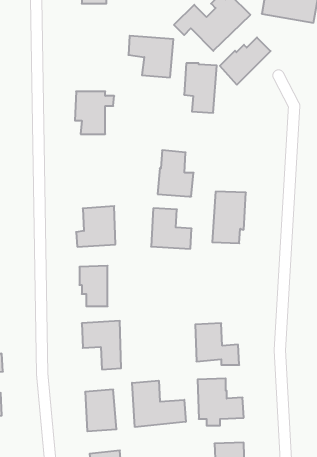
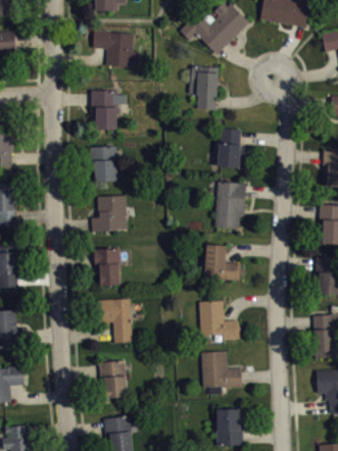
building: [128,36,173,77] -> [93,31,134,68]
building: [220,37,271,85] -> none
building: [158,150,194,196] -> [216,128,249,169]
building: none -> [90,147,118,182]
building: [151,208,192,249] -> [204,245,241,282]
building: [132,381,186,427] -> none

